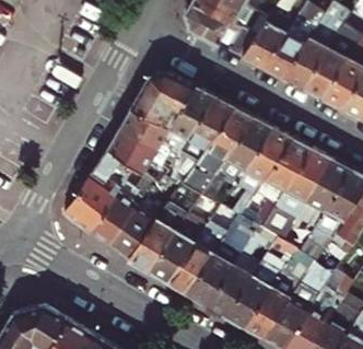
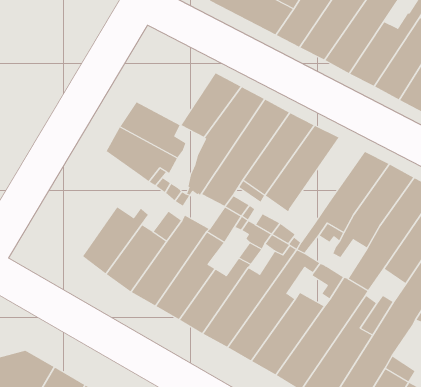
building: [132,73,195,129] -> none
building: [254,139,313,207] -> none
building: [63,150,134,233] -> none

